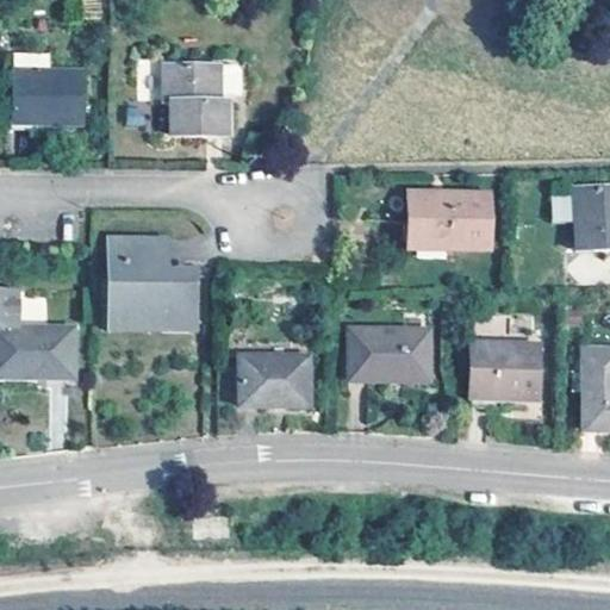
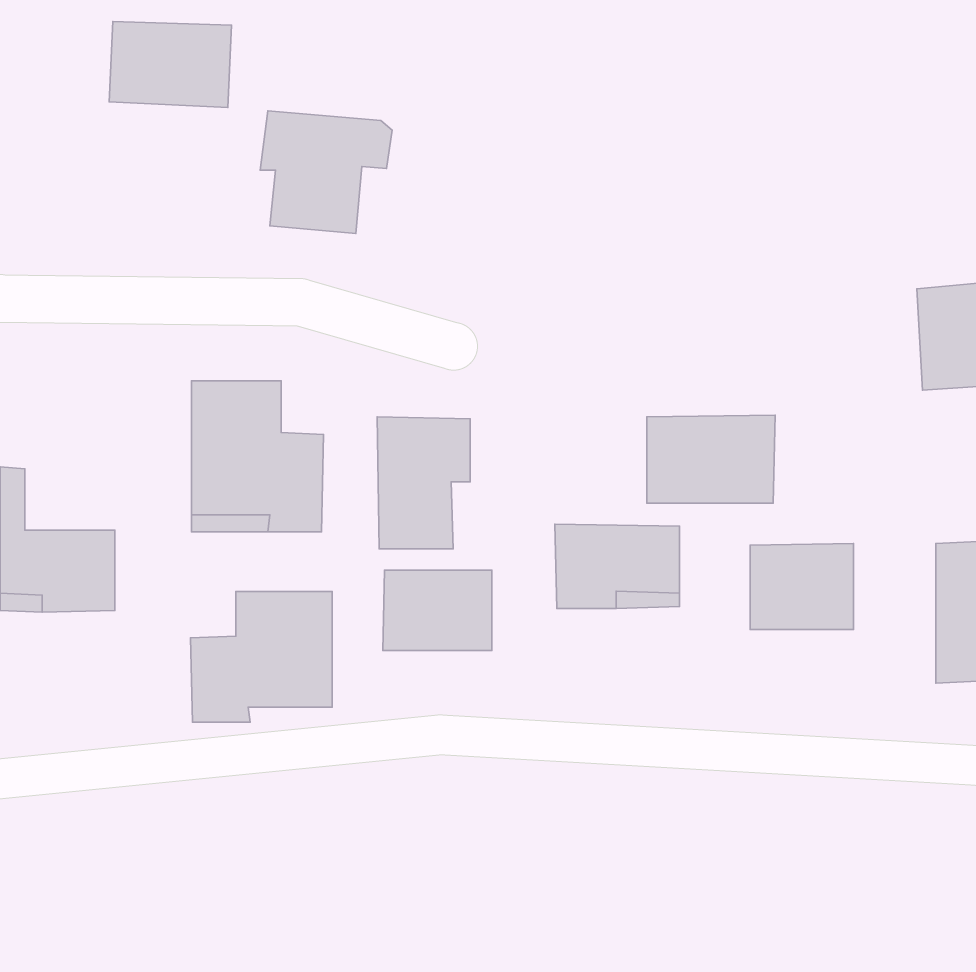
building: [8,69,85,123] -> [109,21,232,108]
building: [405,191,485,245] -> [647,415,775,503]
building: none -> [377,417,470,549]
building: none -> [191,591,332,722]

